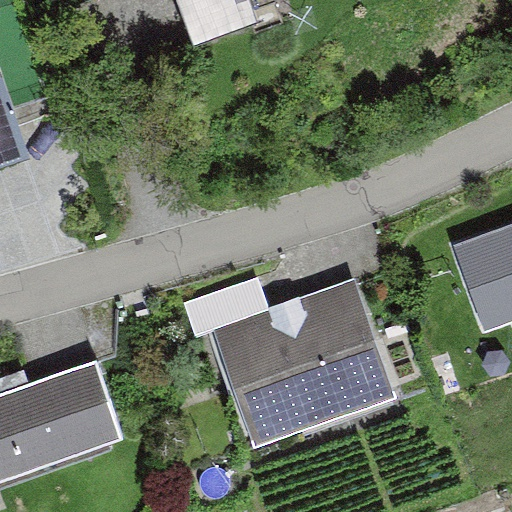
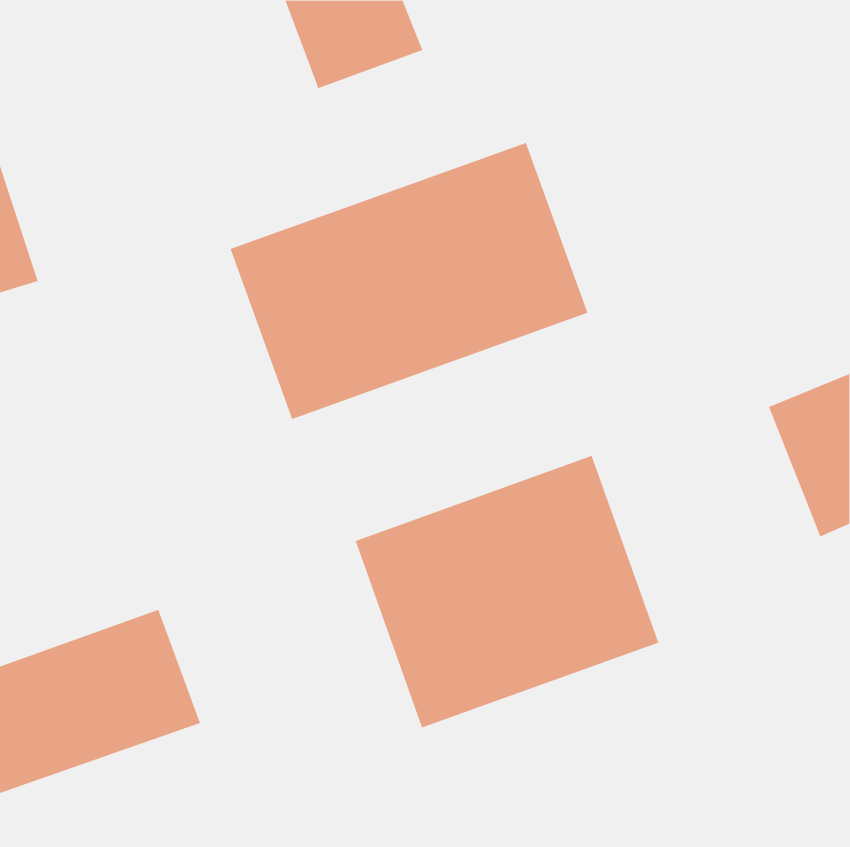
building: none -> [230,142,588,420]

